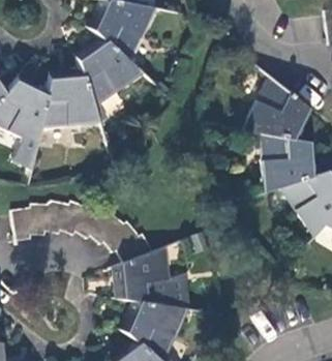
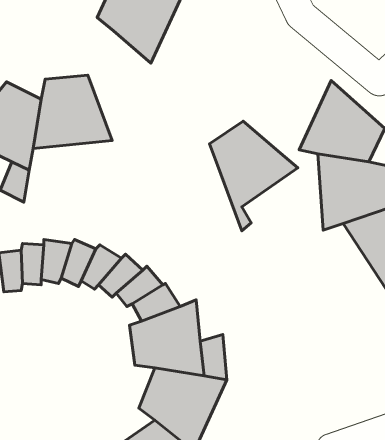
building: [74,38,143,123] -> [210,121,298,231]

